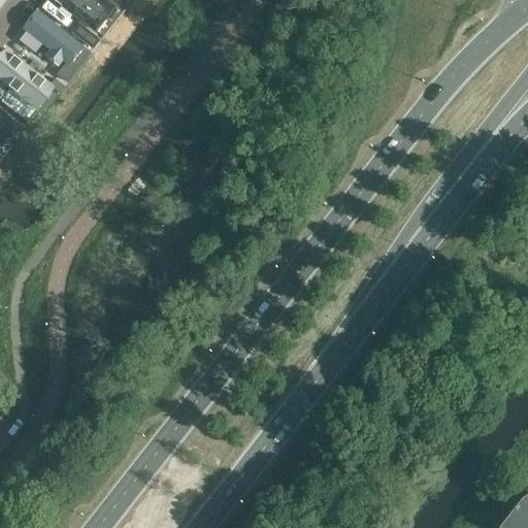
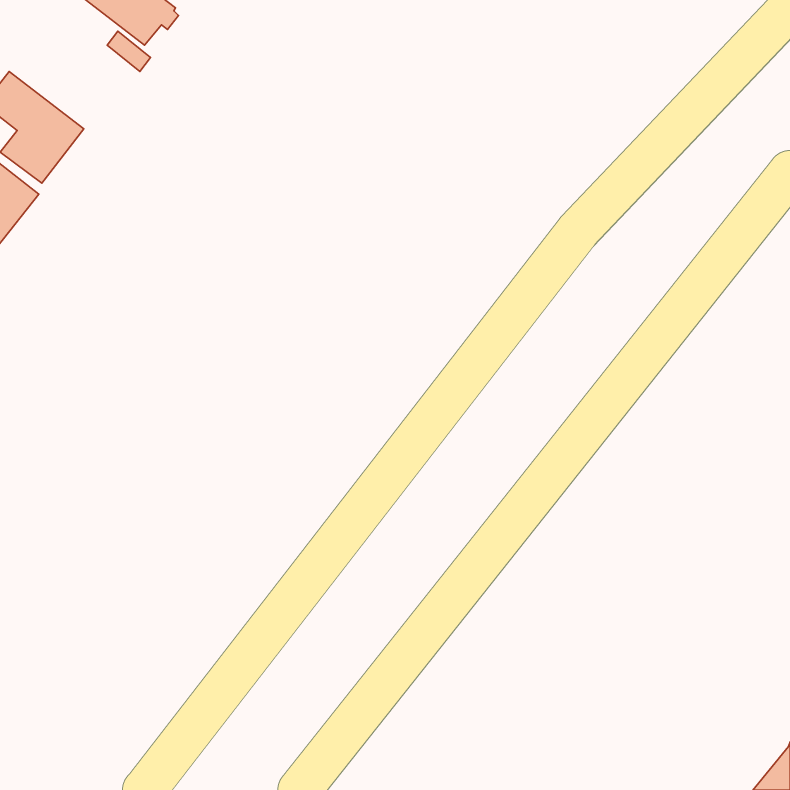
building: [20,9,92,82] -> none

